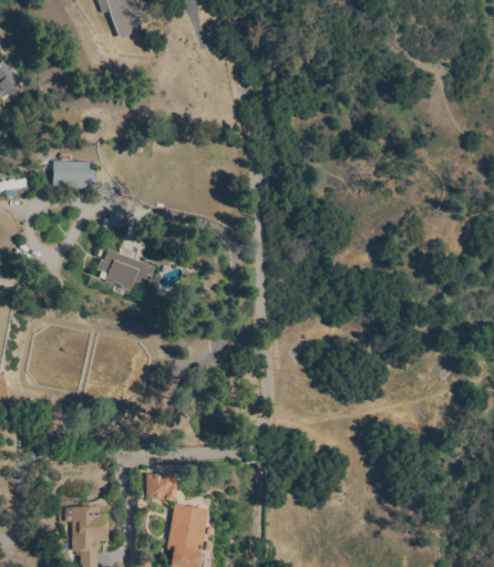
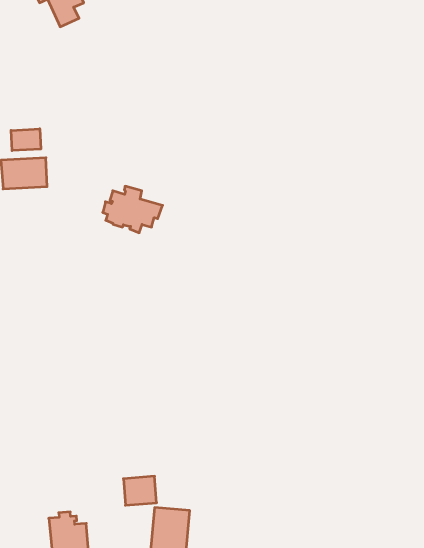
building: none -> [11,129,41,151]
building: [96,246,154,291] -> [103,186,163,233]

